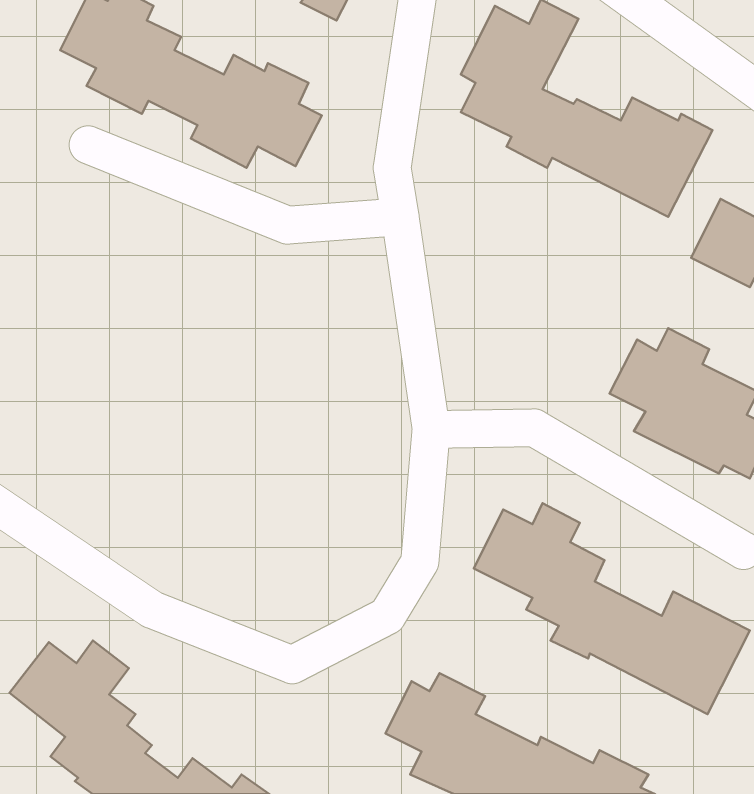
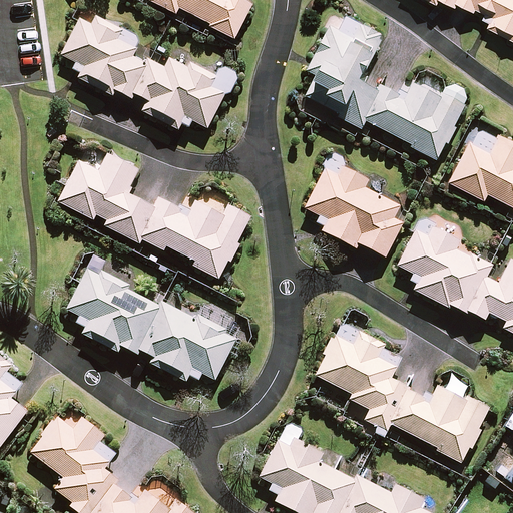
building: none -> [60,155,248,277]
building: none -> [304,167,402,255]
building: none -> [67,268,235,379]

